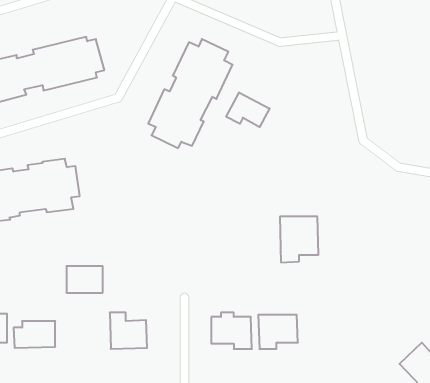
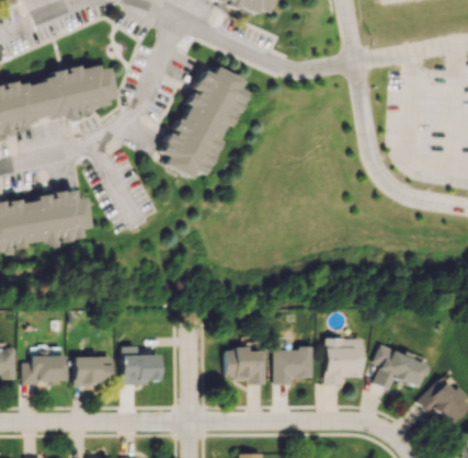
building: [226,92,270,127] -> none
building: [280,217,318,262] -> [324,337,364,385]
building: [66,266,103,293] -> [75,356,112,383]
building: none -> [374,345,427,389]

